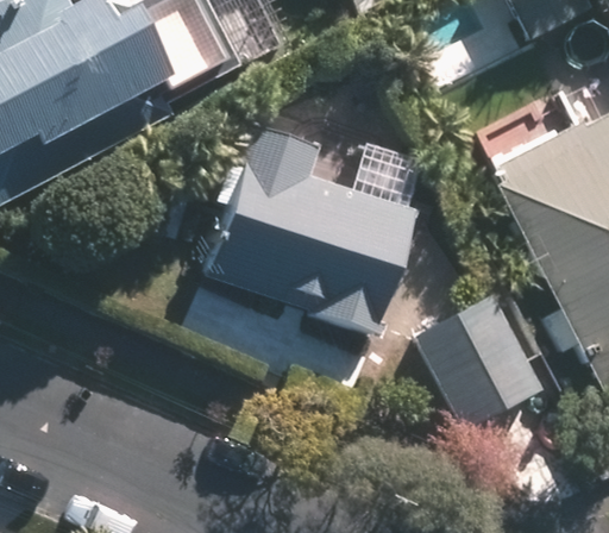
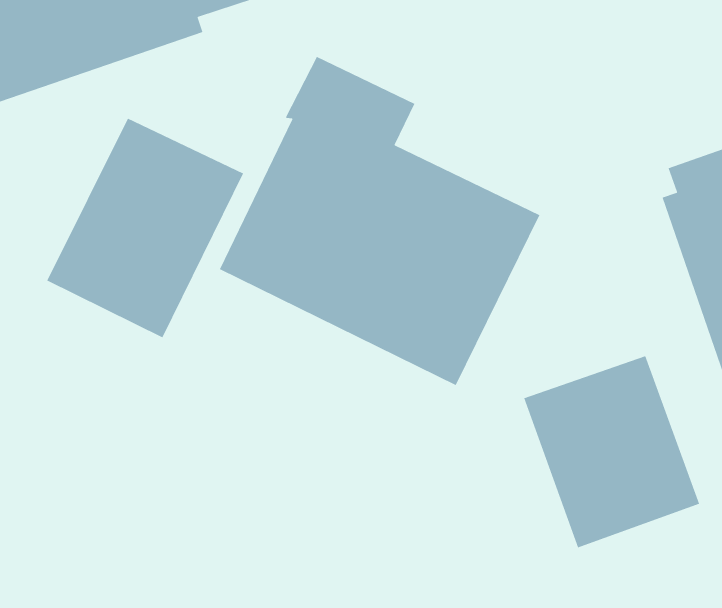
building: none -> [46,118,244,338]

